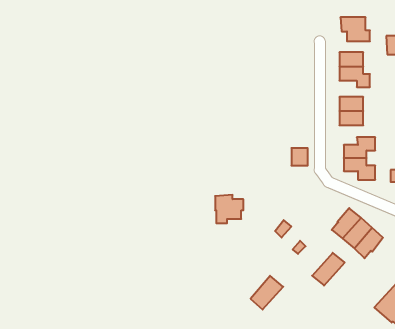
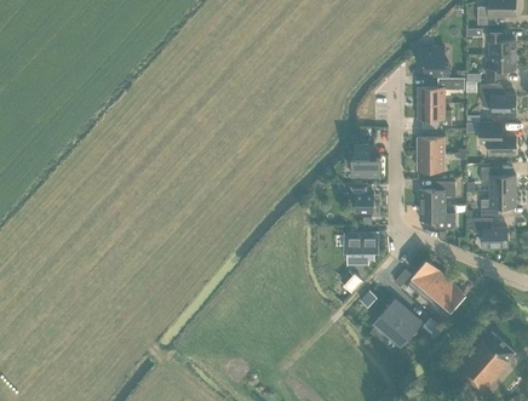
building: none -> [352,145,380,177]
building: [215,195,243,223] -> [348,236,379,268]
building: [251,276,283,310] -> [372,298,408,336]

